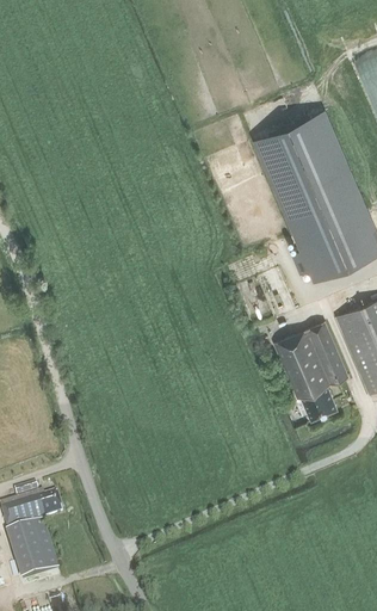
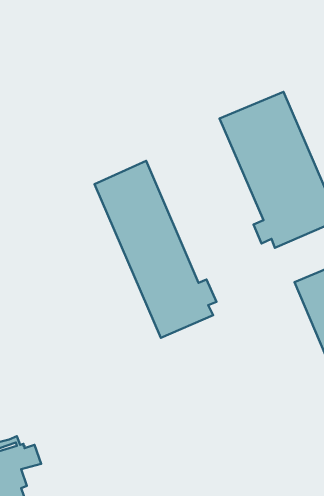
building: none -> [95,161,216,338]
building: [274,323,348,421] -> none

